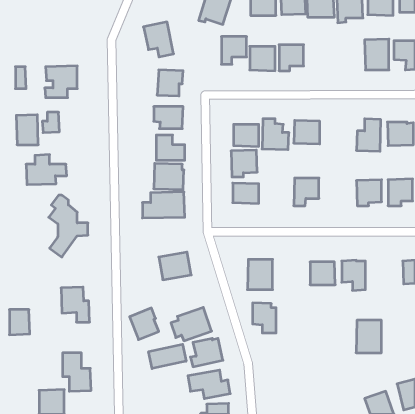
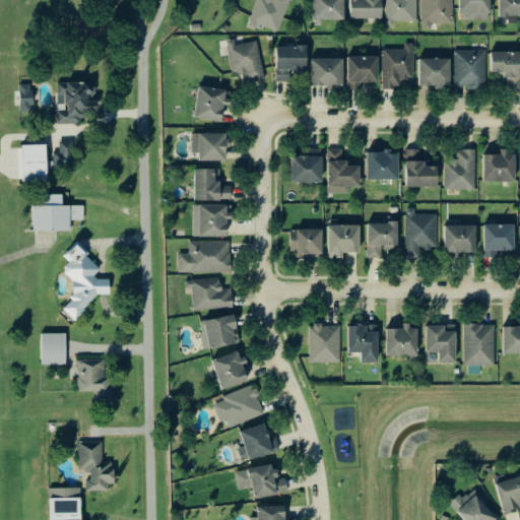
building: [143,22,174,57] -> [226,39,264,82]
building: none -> [383,43,413,89]
building: none -> [419,58,452,87]
building: none -> [406,148,439,187]
building: [231,150,257,177] -> [328,224,361,258]
building: none -> [404,208,437,256]
building: none -> [185,277,232,309]
building: [253,303,276,333] -> [349,325,379,363]
building: [130,308,159,340] -> [211,349,248,389]
building: [9,310,30,335] -> [41,333,66,365]
building: [356,320,381,353] -> [463,324,495,365]
building: [149,344,186,369] -> none

